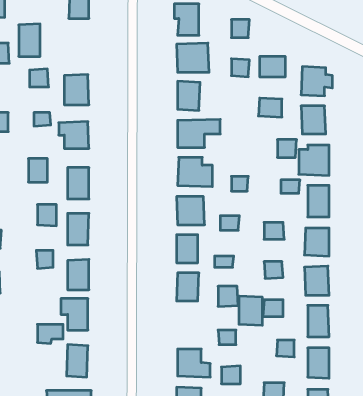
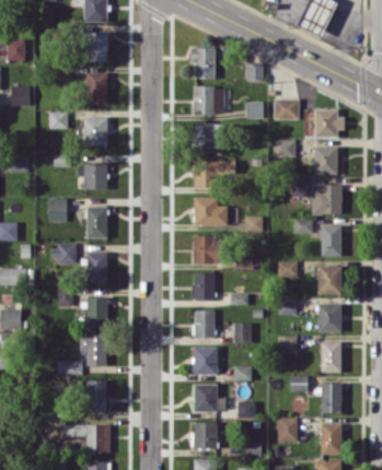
building: [19,24,40,56] -> [86,72,107,104]
building: [239,296,262,325] -> [194,346,217,375]

